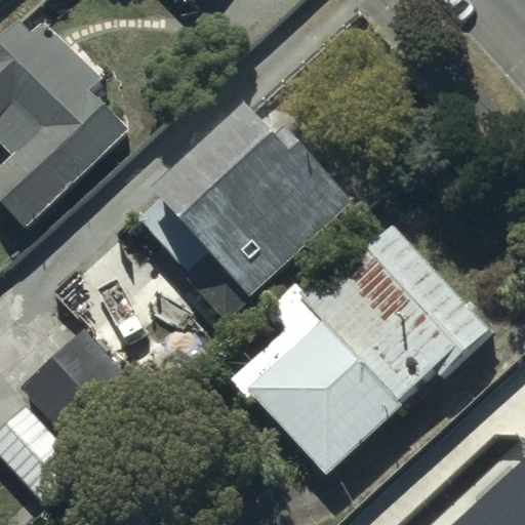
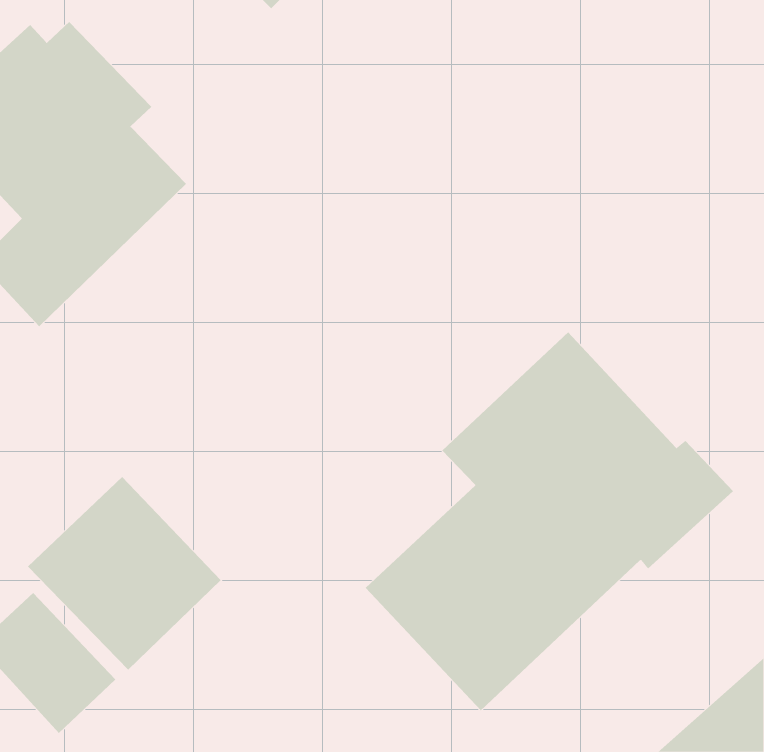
building: [157,114,347,309] -> none

